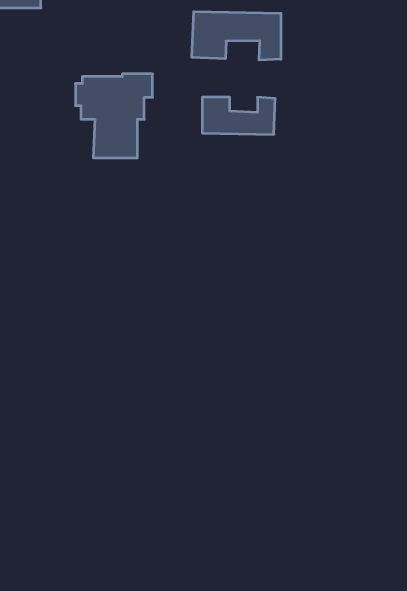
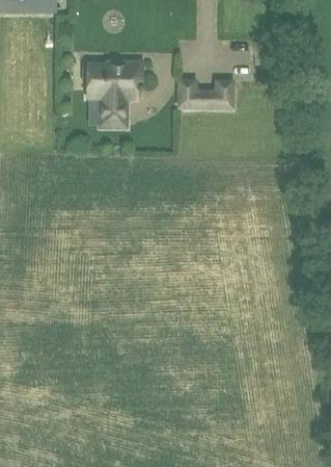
building: [192,12,281,60] -> none

